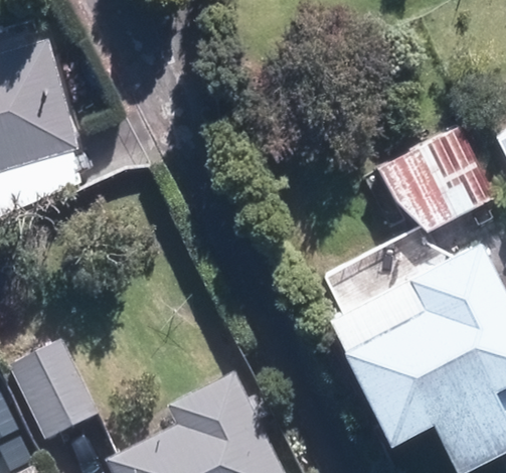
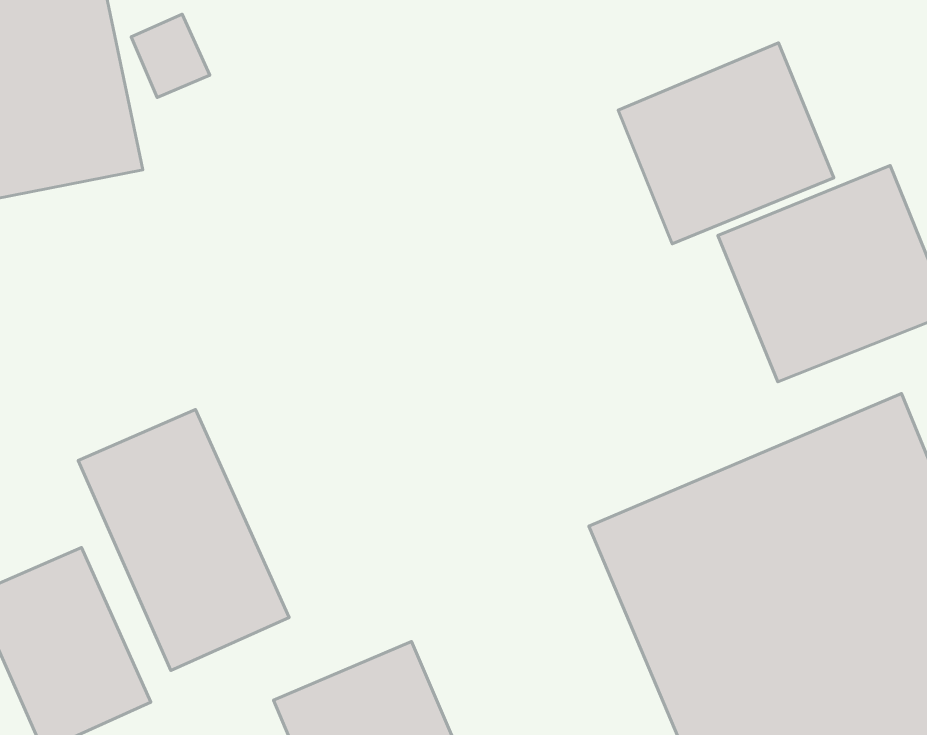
building: none -> [618,43,834,244]
building: none -> [78,409,289,670]

